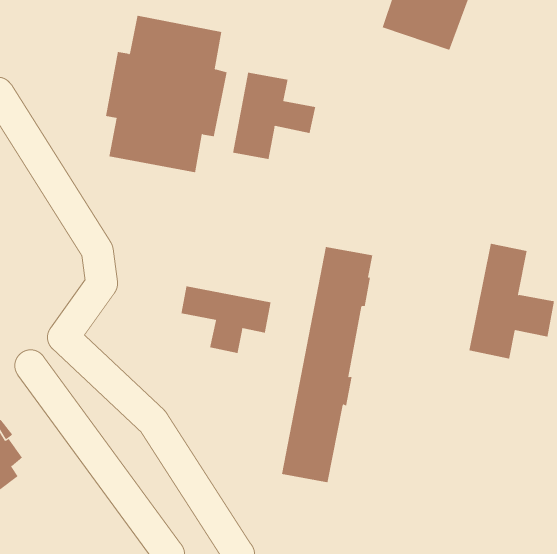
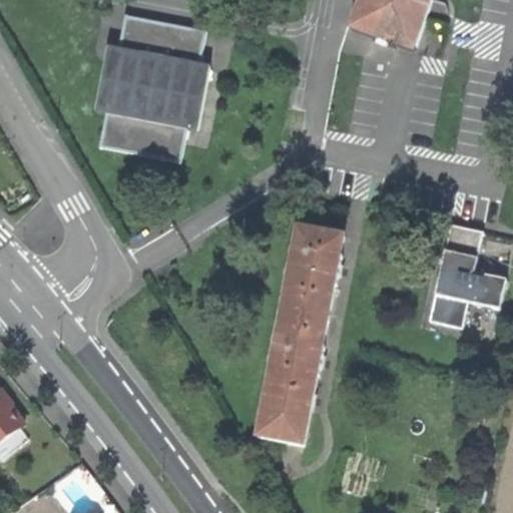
building: [233,72,316,160] -> none
building: [181,285,271,354] -> none

